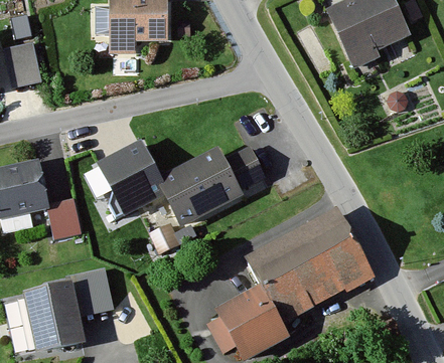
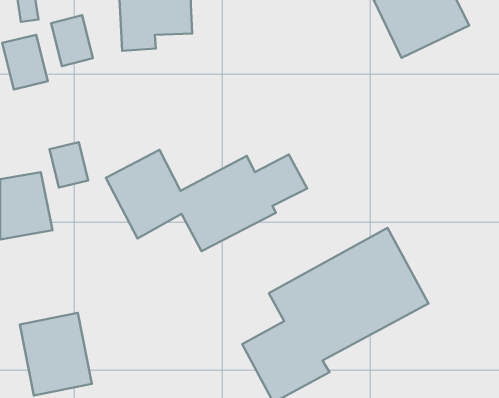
building: none -> [51,15,93,66]
building: [50,198,84,237] -> [50,142,88,188]
building: [77,267,116,315] -> none

